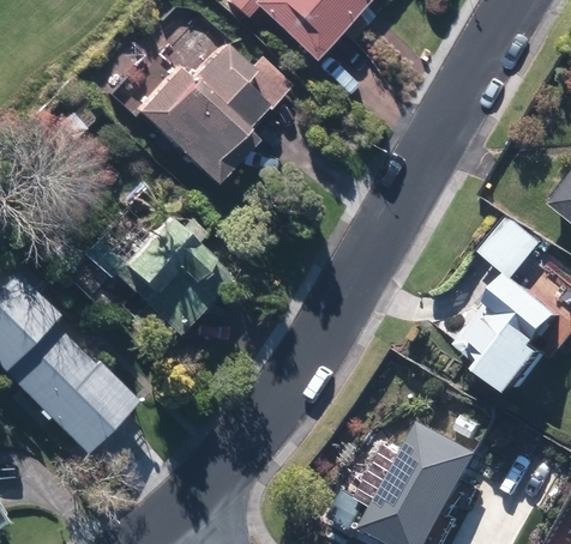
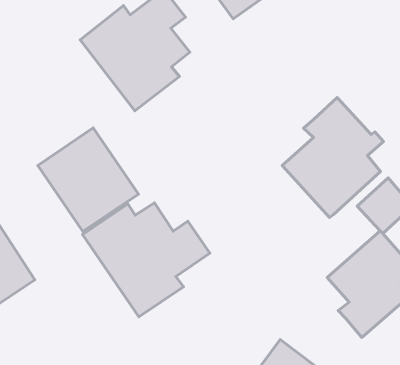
building: none -> [282,97,384,218]
building: none -> [83,203,210,317]

